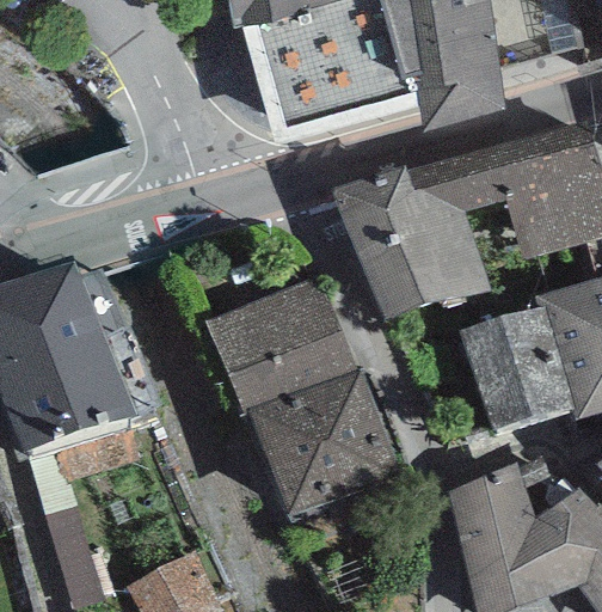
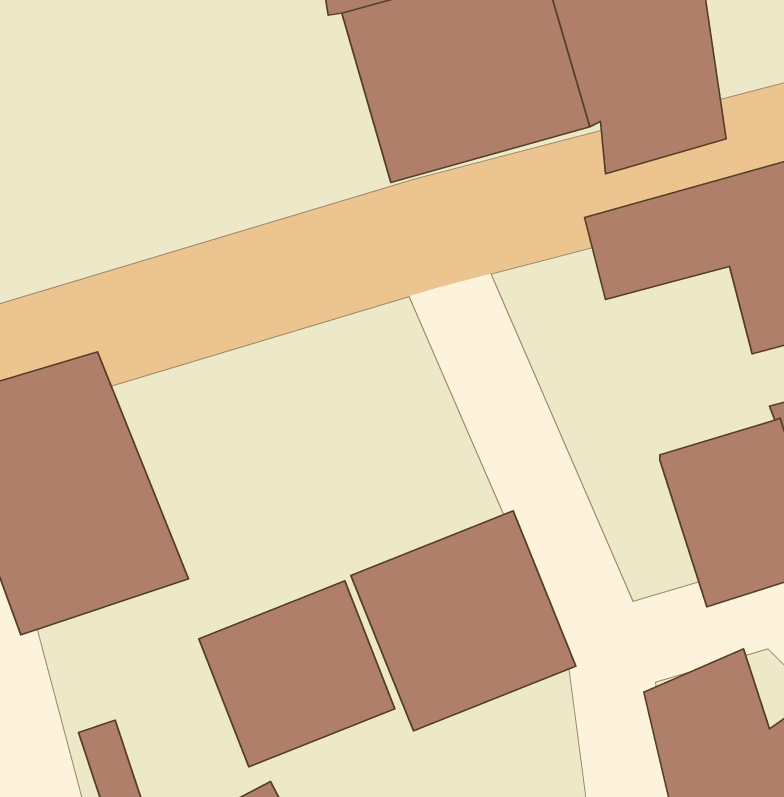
building: [330,167,492,319] -> none
building: [207,275,360,414] -> none
building: none -> [199,581,395,767]

